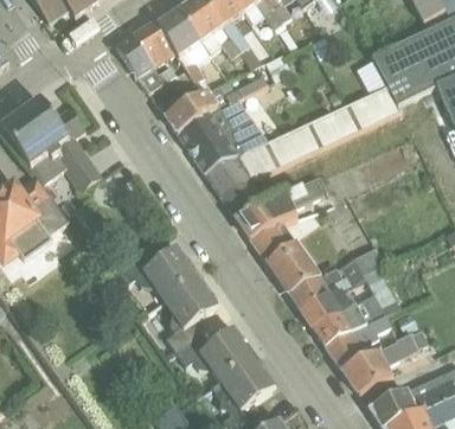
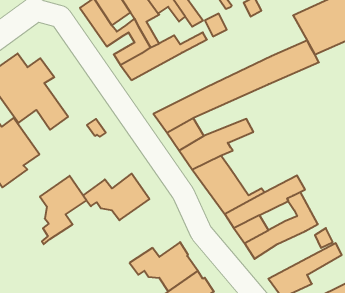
building: [178,100,268,173] -> none
building: [164,275,219,357] -> [40,176,86,244]
building: [325,313,392,365] -> none

